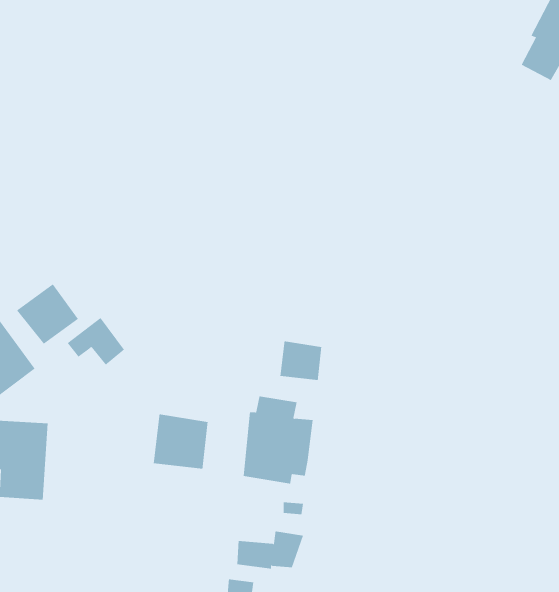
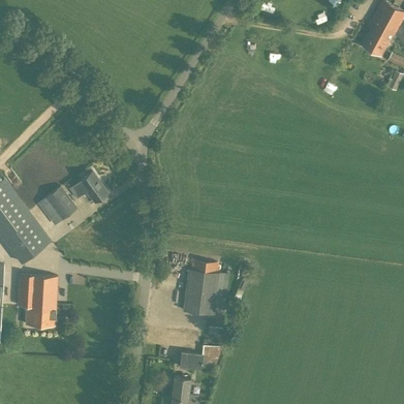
building: [67,317,125,365] -> [70,173,107,204]
building: [280,340,322,381] -> none
building: [153,414,208,469] -> none

